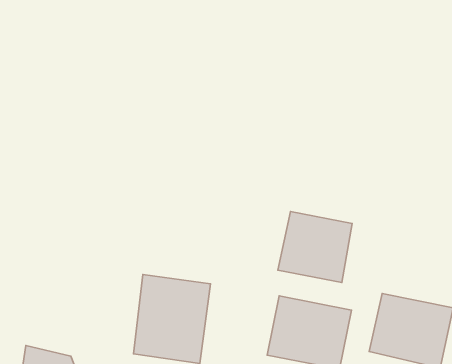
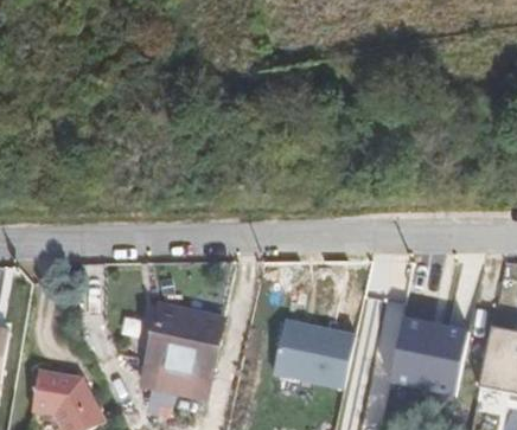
building: [278,212,352,283] -> none

